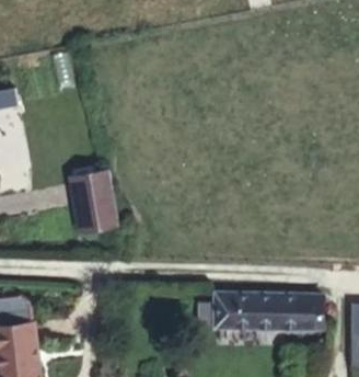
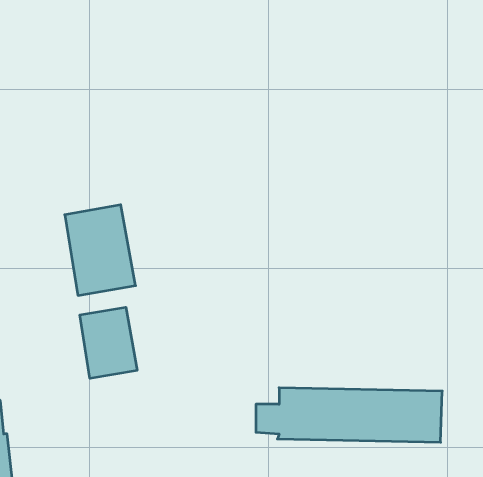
building: none -> [80,307,137,378]

